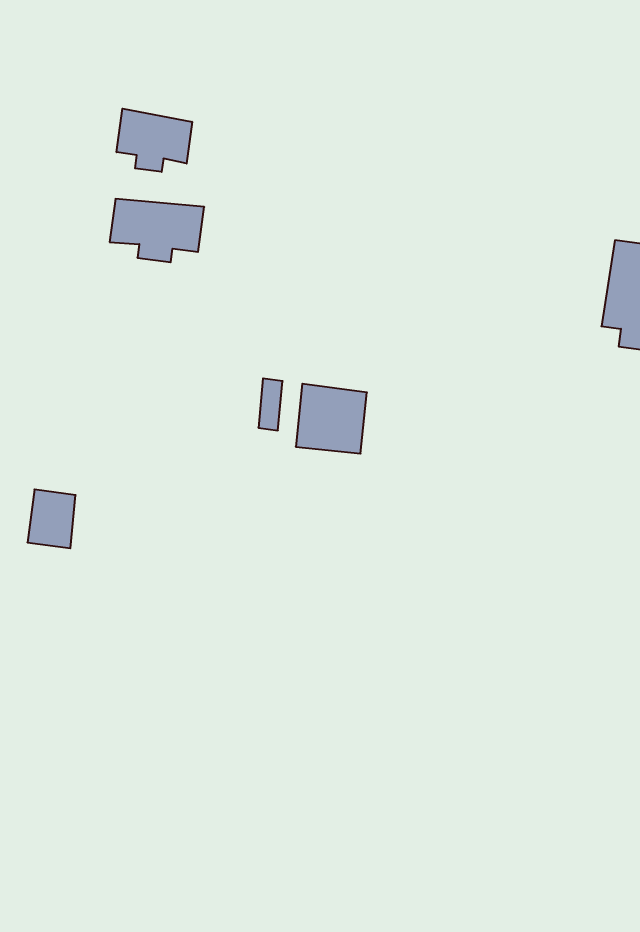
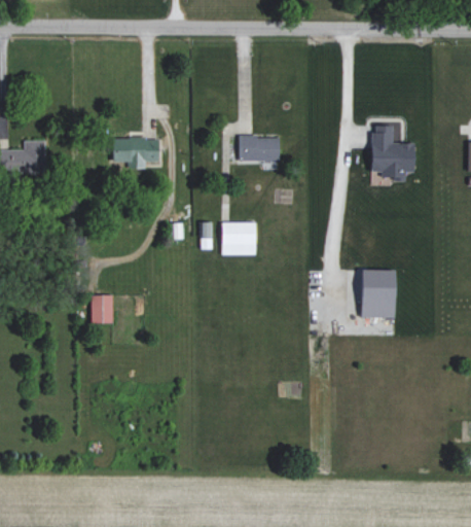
building: [117,109,192,172] -> none
building: none -> [239,136,281,162]
building: none -> [362,270,396,318]

